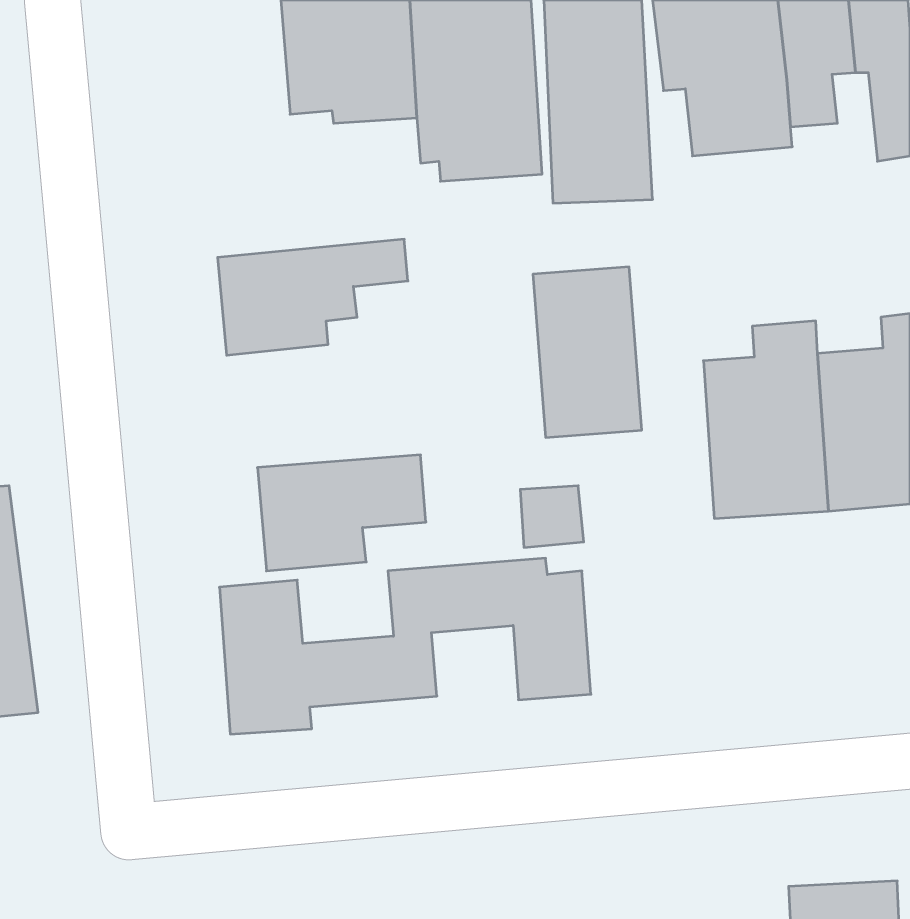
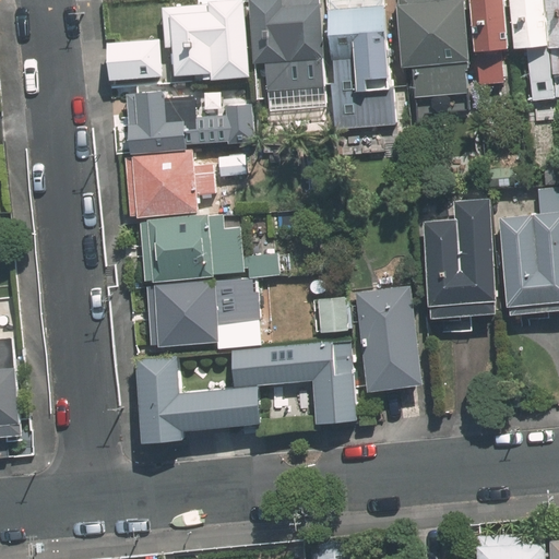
building: none -> [106,41,156,86]
building: none -> [122,88,254,155]
building: [533,267,642,437] -> [355,287,420,390]
building: none -> [142,213,283,283]

